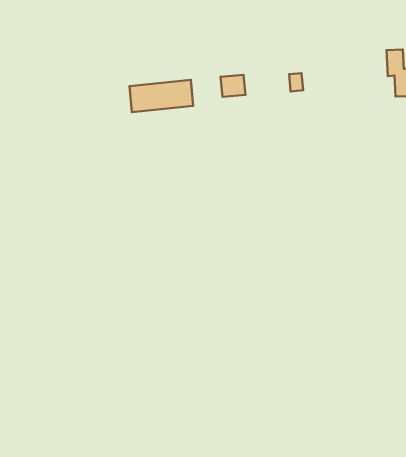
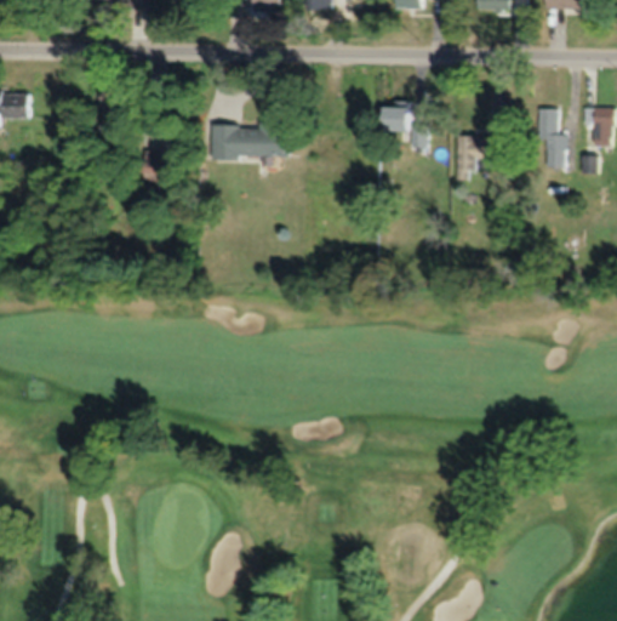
building: [221,75,245,97] -> [379,104,409,130]
building: none -> [456,135,491,180]

